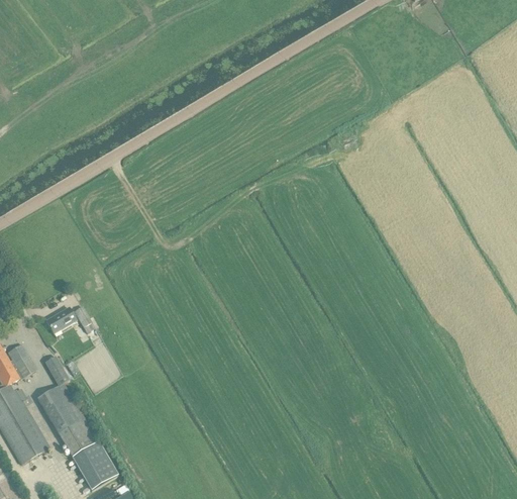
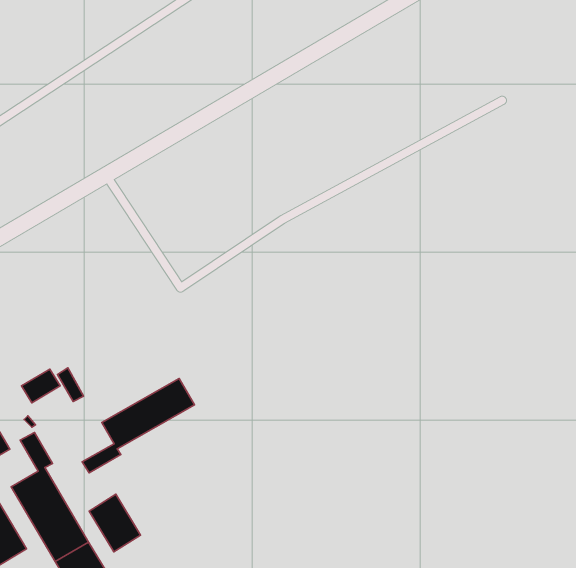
building: none -> [82,378,194,473]
building: none -> [89,494,140,552]

